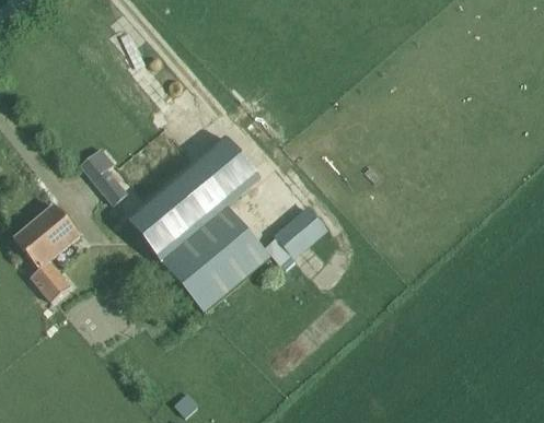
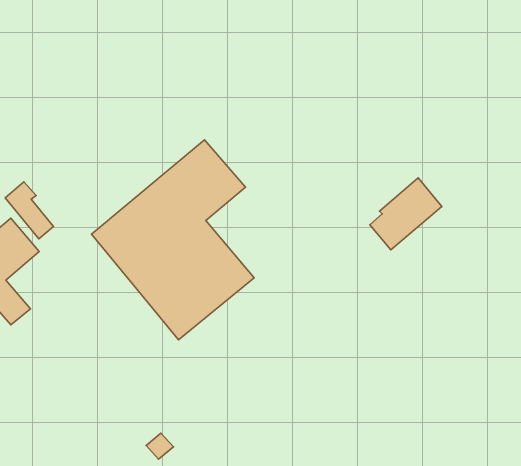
building: [84,153,127,203] -> [5,182,54,239]
building: [267,203,331,267] -> [370,178,442,250]

